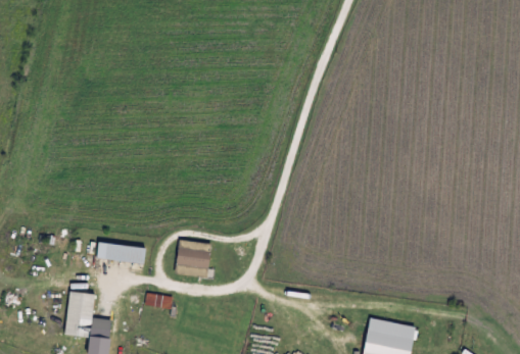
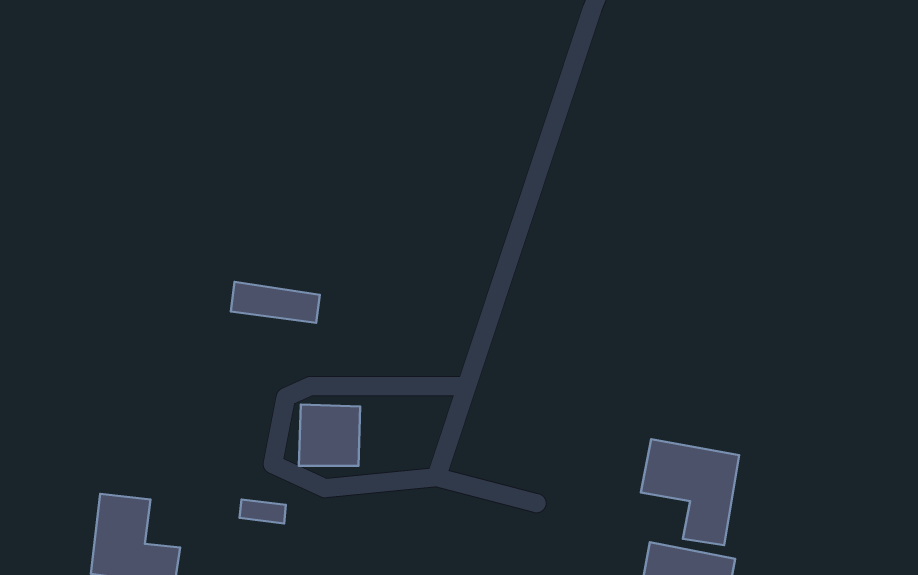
building: [98,242,147,264] -> [231,282,320,323]
building: none -> [641,439,739,545]

